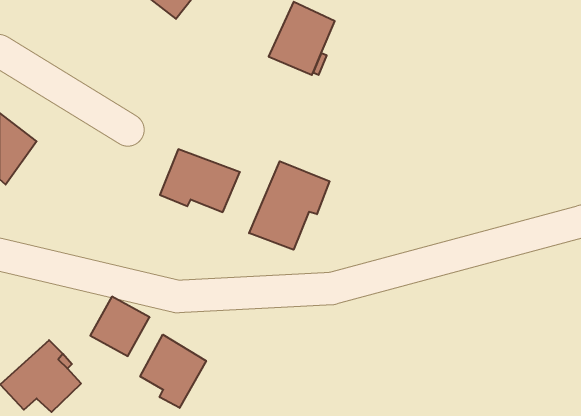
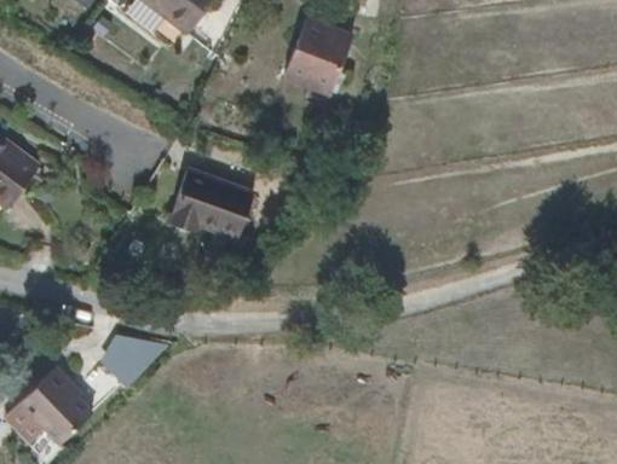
building: [249,161,330,250] -> none
building: [140,335,206,408] -> none

